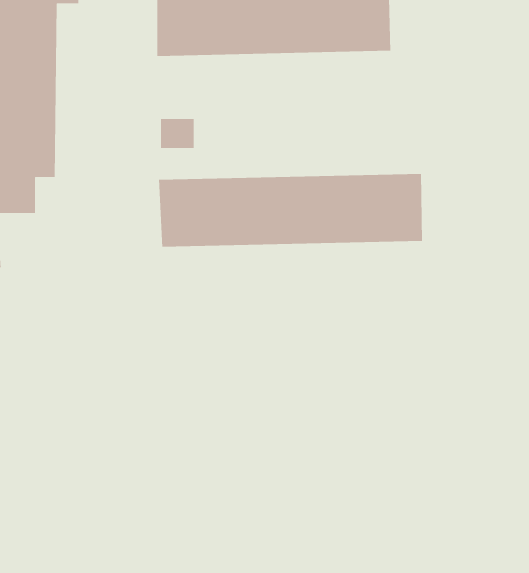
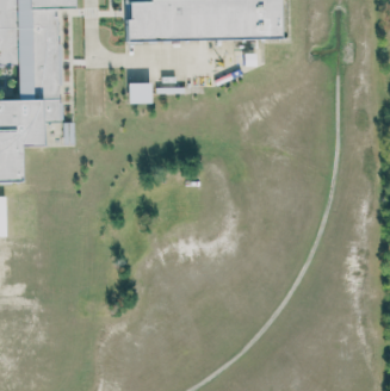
building: [158,173,423,248] -> none

